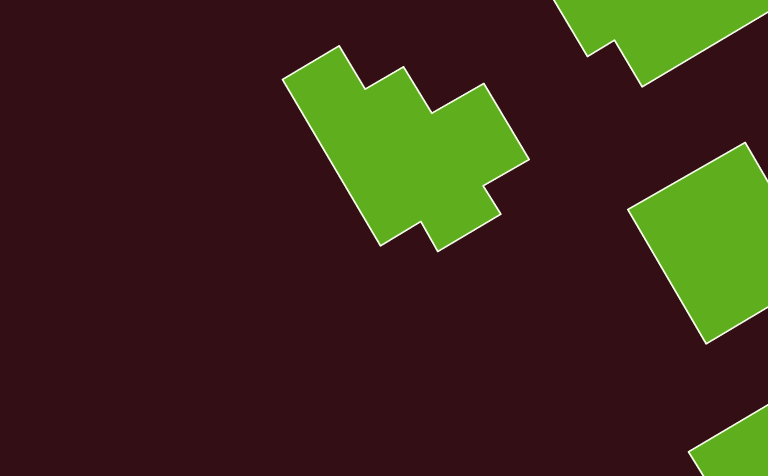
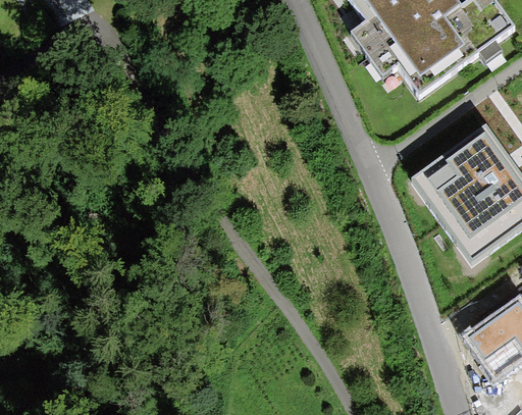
building: [282,46,529,251] -> none

